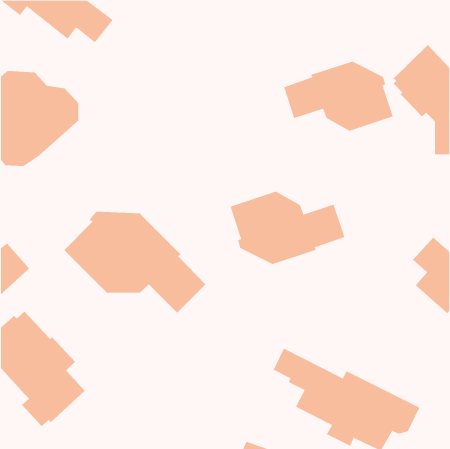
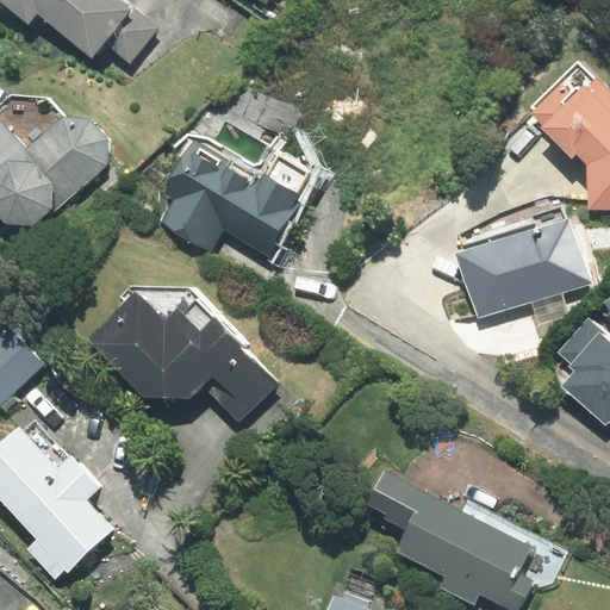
building: [283,61,393,131] -> none
building: none -> [160,139,316,257]
building: none -> [459,207,587,318]
building: [230,191,345,265] -> none

